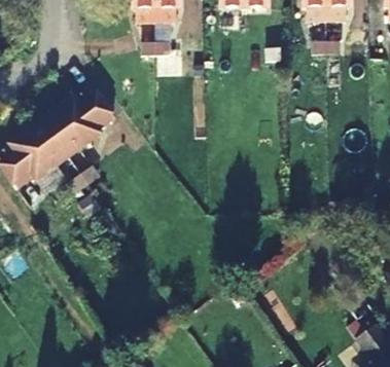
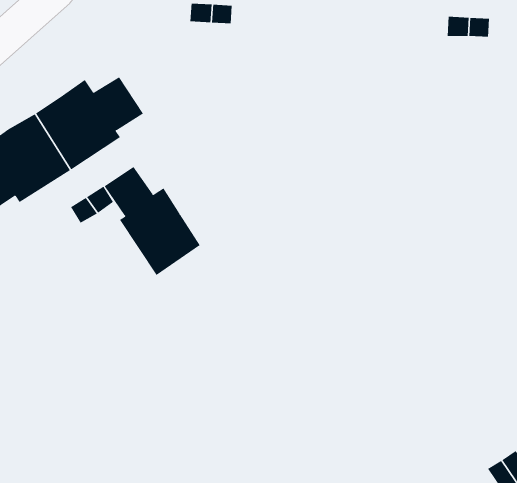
building: none -> [104,166,200,276]

